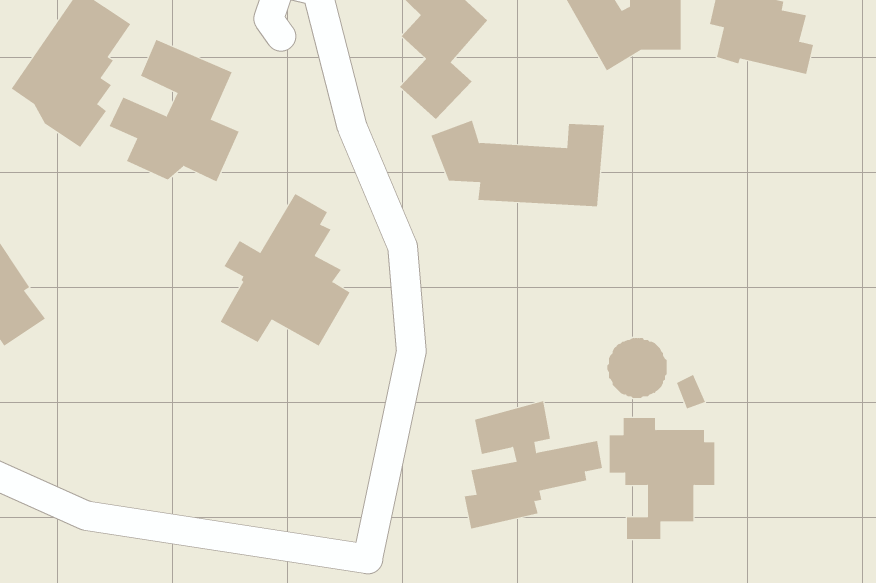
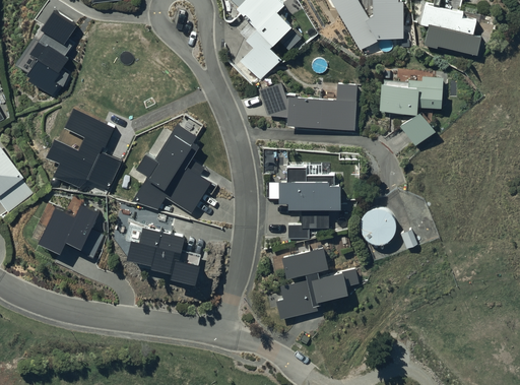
building: [109,39,239,182] -> [46,112,122,195]
building: none -> [380,77,443,146]
building: none -> [39,207,104,260]
building: none -> [127,227,203,284]
building: [609,417,715,539] -> [278,168,340,239]

